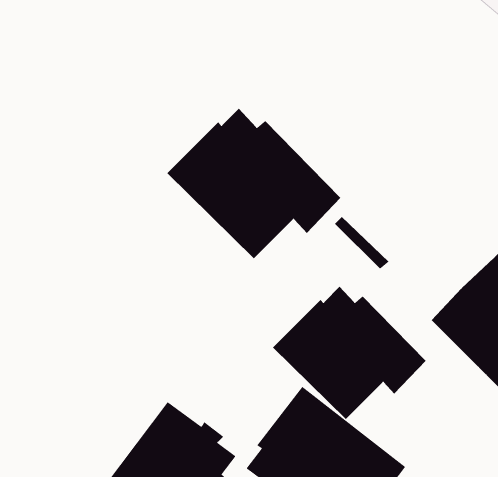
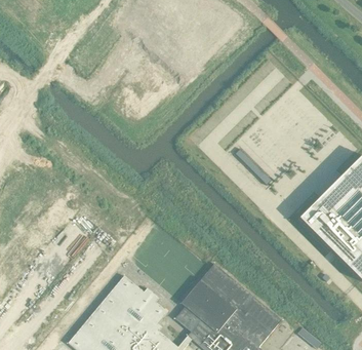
building: [166,108,341,259] -> none
building: [272,286,426,420] -> none

